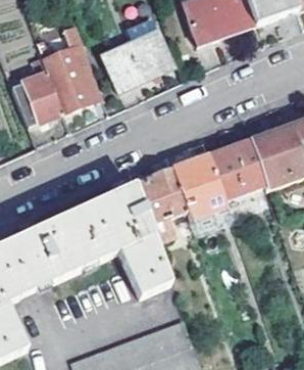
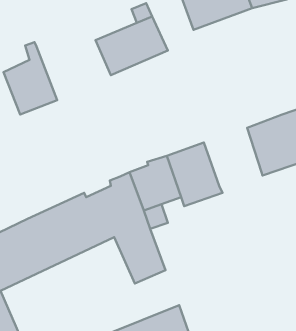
building: [43,27,103,114] -> none
building: [208,142,265,199] -> none

